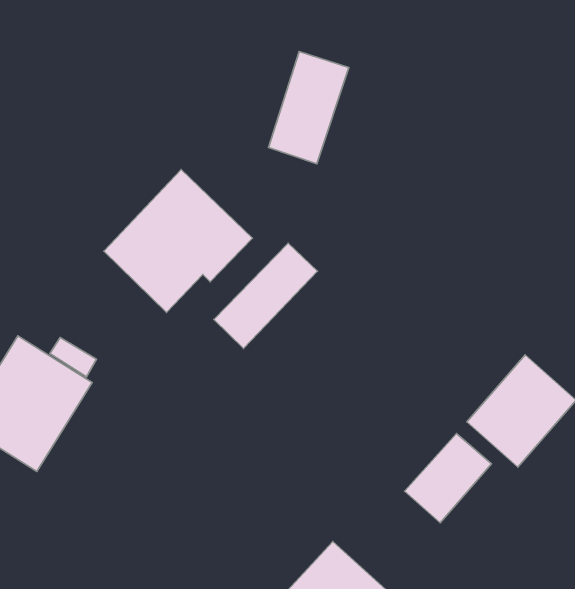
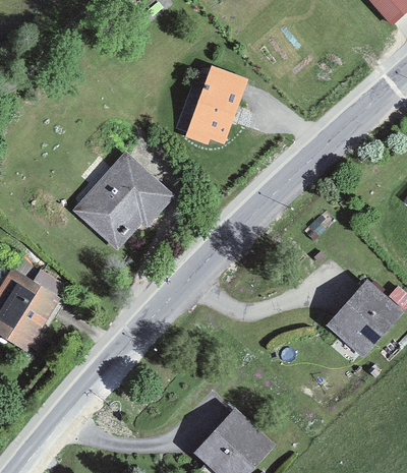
building: [214,243,318,349] -> none
building: [405,433,491,523] -> none

